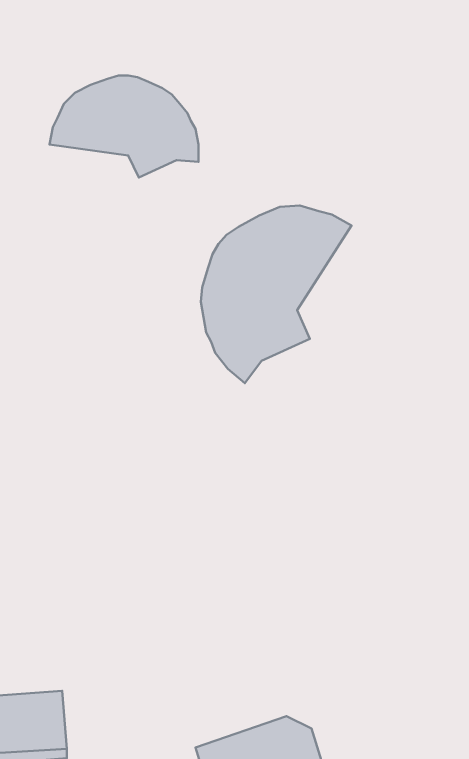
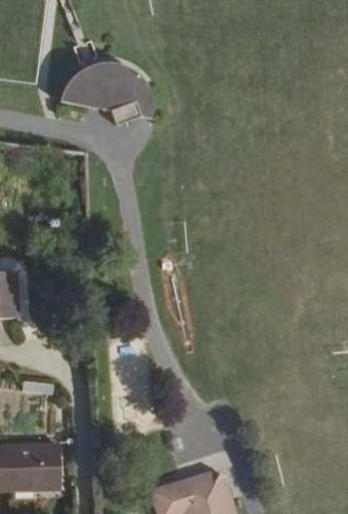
building: [201,205,351,383] -> none

